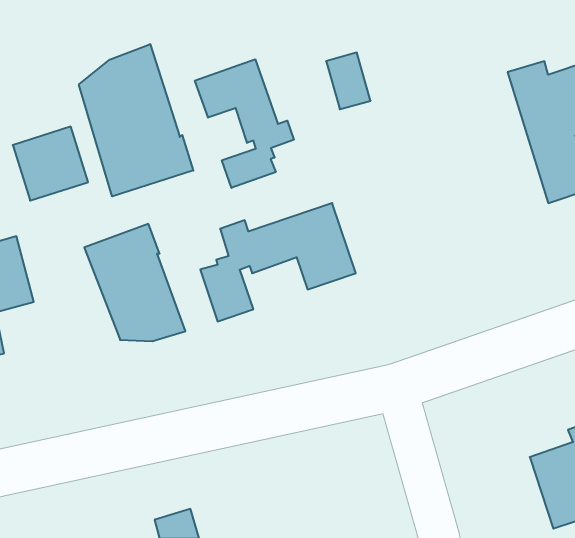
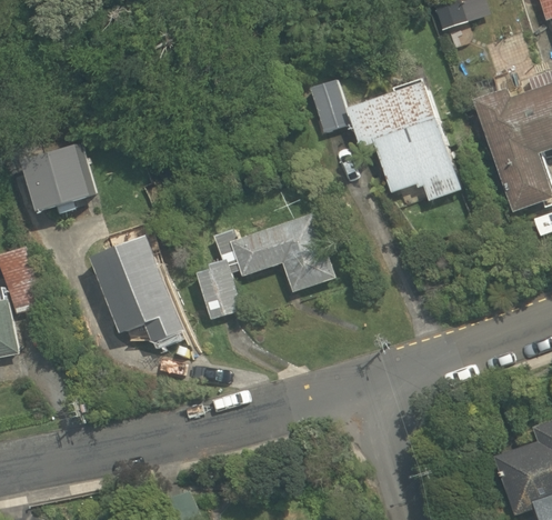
building: [79,44,193,196] -> none
building: none -> [348,80,462,200]
building: [195,59,294,188] -> none

